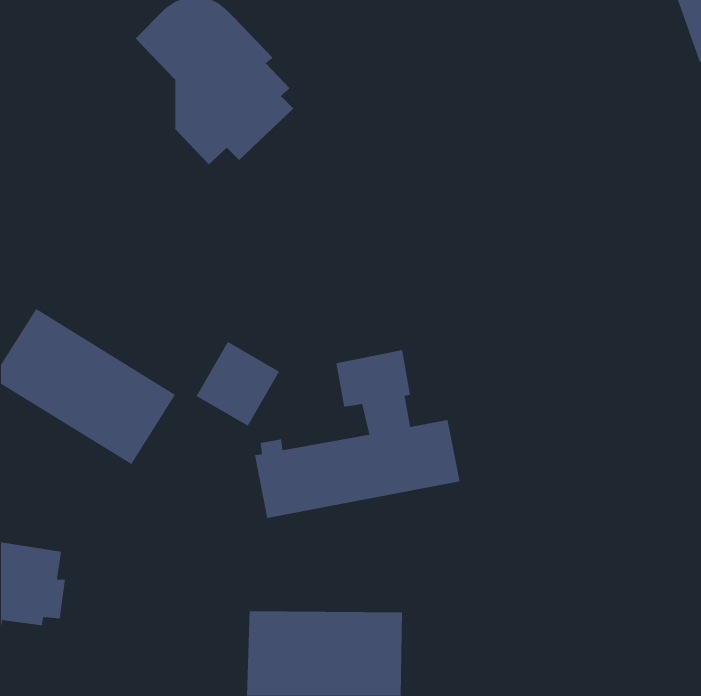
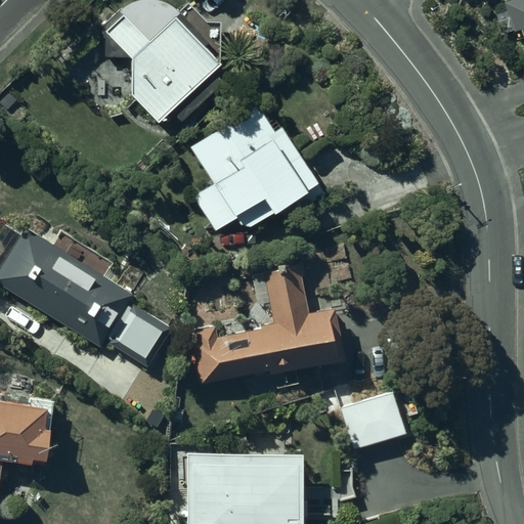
building: none -> [190,102,316,231]
building: [196,341,280,427] -> [110,303,172,366]
building: none -> [341,390,405,448]

